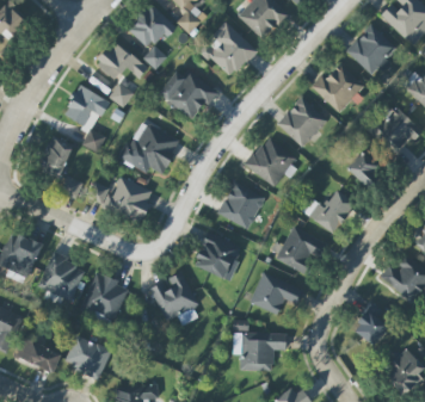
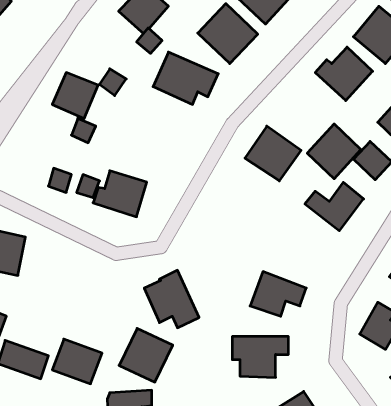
building: [94,41,147,81] -> none
building: [277,97,327,148] -> [307,124,361,179]
building: [117,123,179,174] -> none
building: [38,136,73,179] -> none
building: [216,181,265,230] -> none
building: [276,227,325,277] -> none
building: [193,234,242,280] -> none
building: [38,254,86,302] -> none
building: [80,273,130,323] -> [119,328,173,382]

